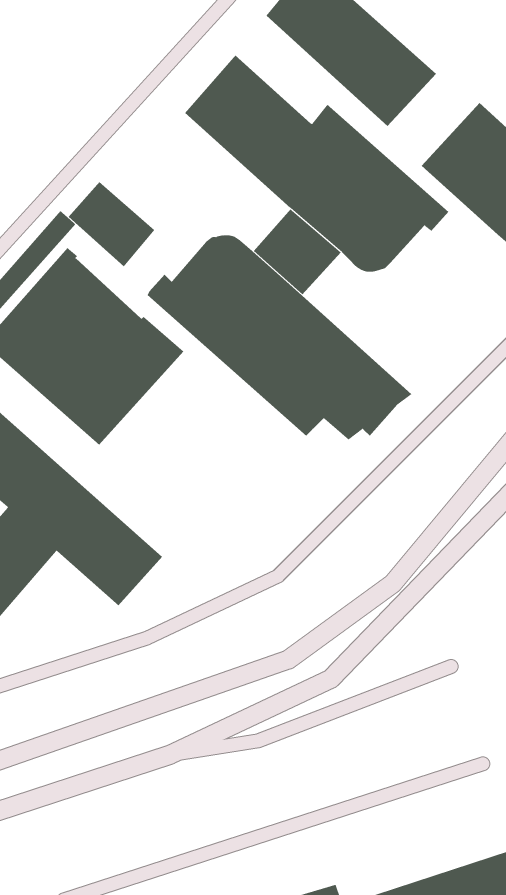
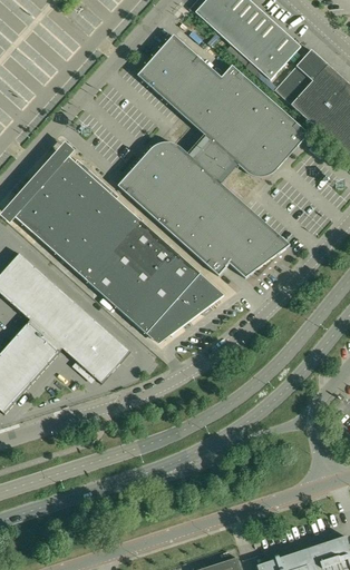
building: none -> [275,49,328,105]
building: [68,181,155,267] -> none
building: none -> [88,222,223,335]

